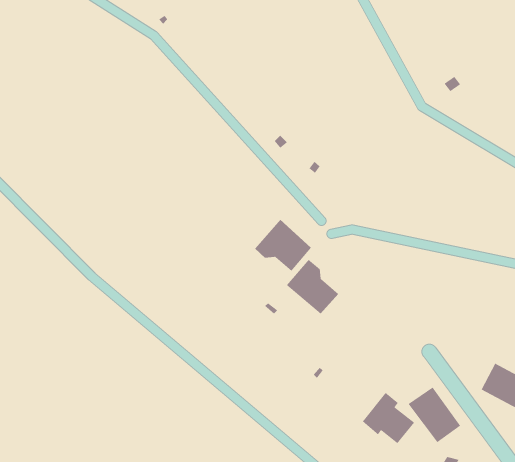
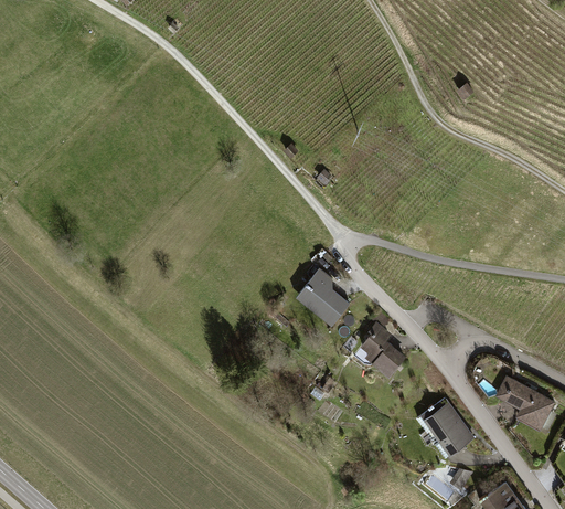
building: [254,219,312,272] -> none
building: [362,392,415,444] -> [354,324,408,377]

